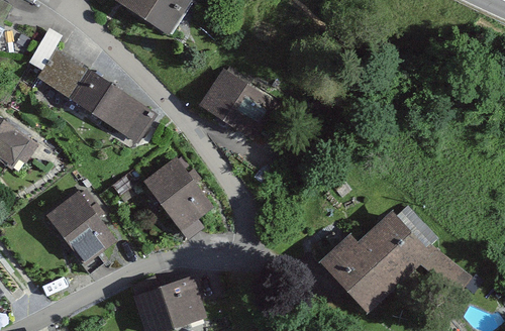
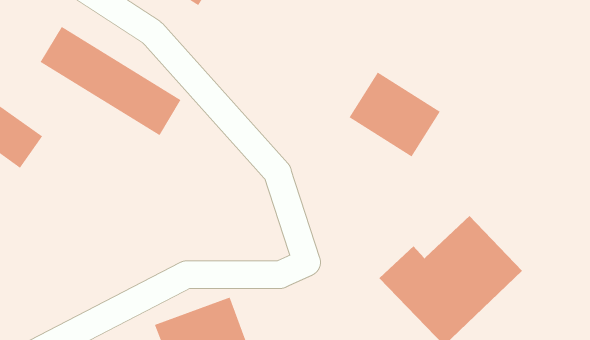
building: [200,70,277,141] -> [349,71,441,158]
building: [141,155,212,246] -> none
building: [45,188,118,265] -> none

